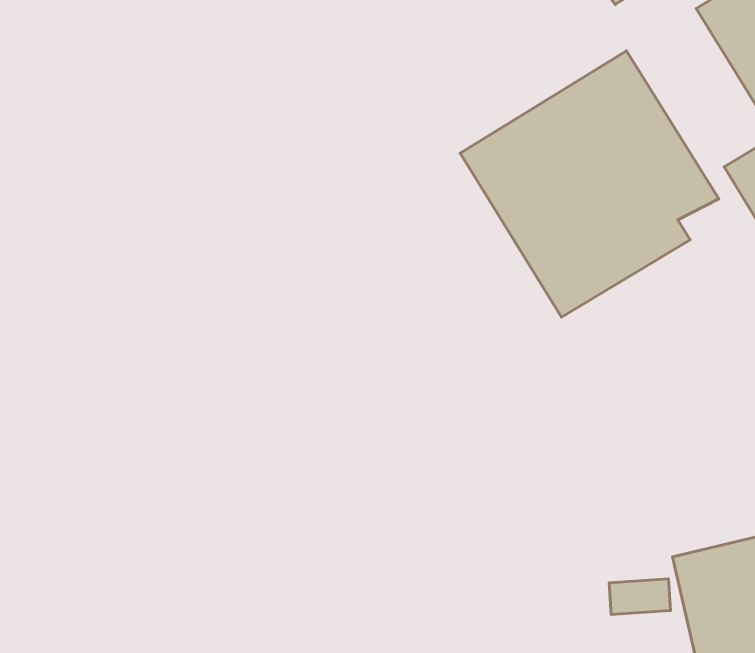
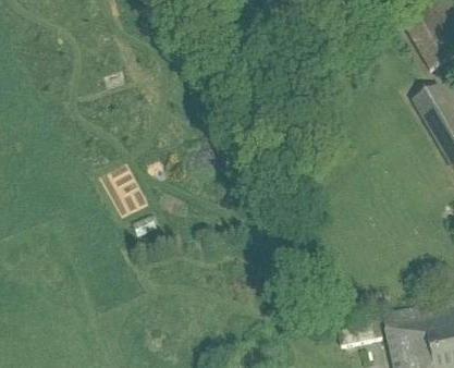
building: [460,51,719,317] -> none

